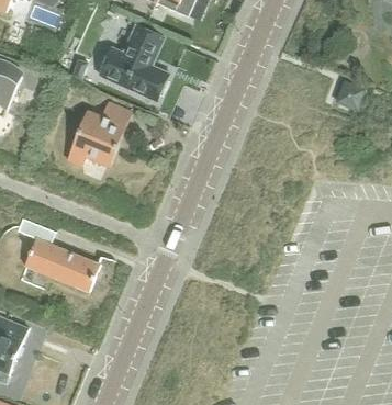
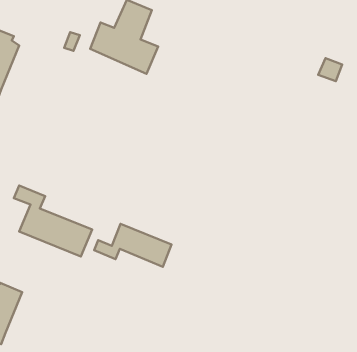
building: [67,103,131,168] -> none
building: none -> [94,224,172,267]

